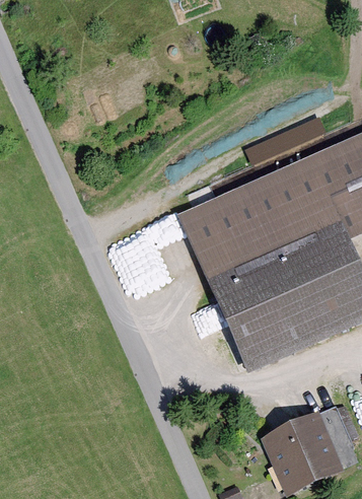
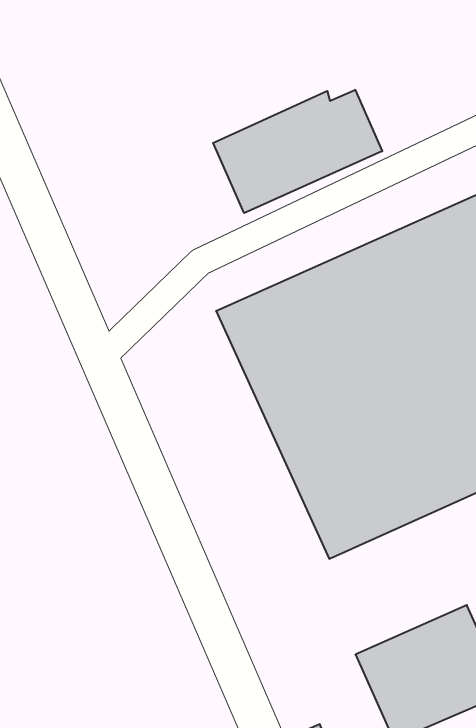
building: none -> [213,90,382,213]

